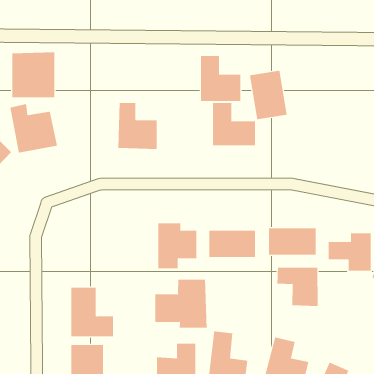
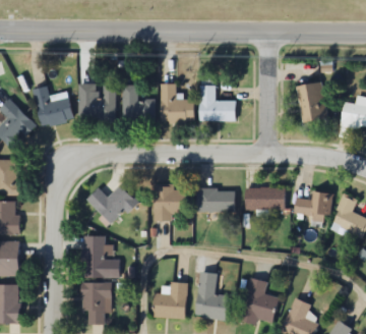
building: [12,52,55,98] -> [79,84,115,121]
building: [200,56,241,102] -> [160,84,193,121]
building: [249,70,288,120] -> [296,81,327,122]
building: none -> [86,184,136,225]
building: [277,267,318,307] -> none
building: [155,279,207,328] -> none

